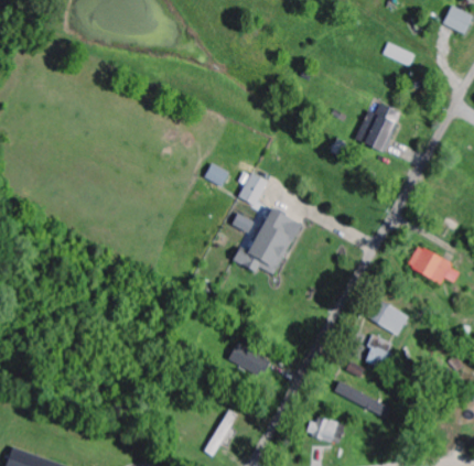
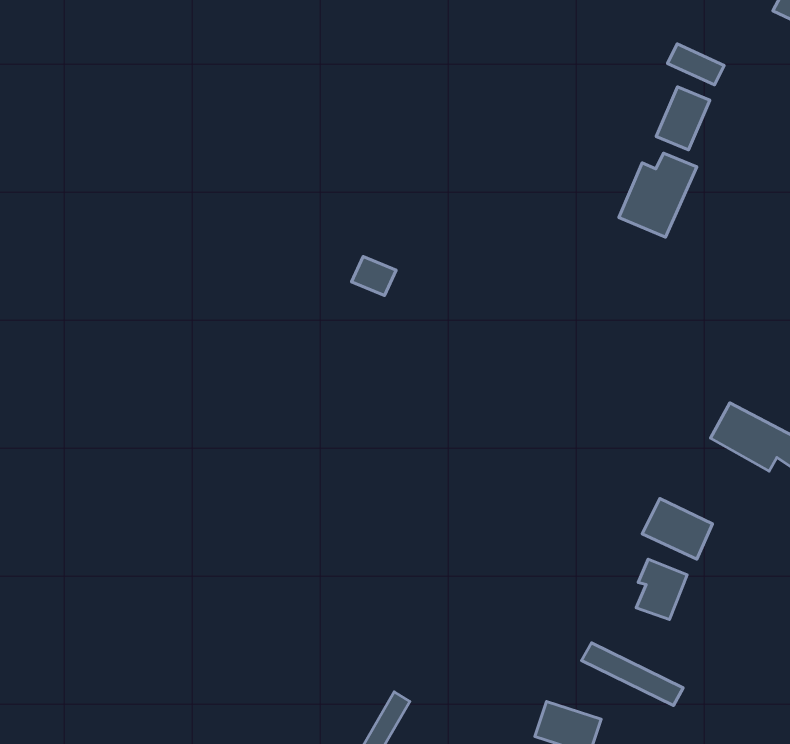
building: none -> [656,87,710,150]
building: [238,172,268,205] -> none
building: [231,207,301,274] -> none
building: [233,343,263,370] -> none

